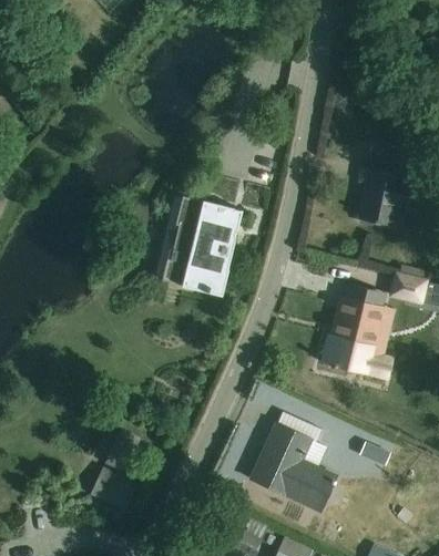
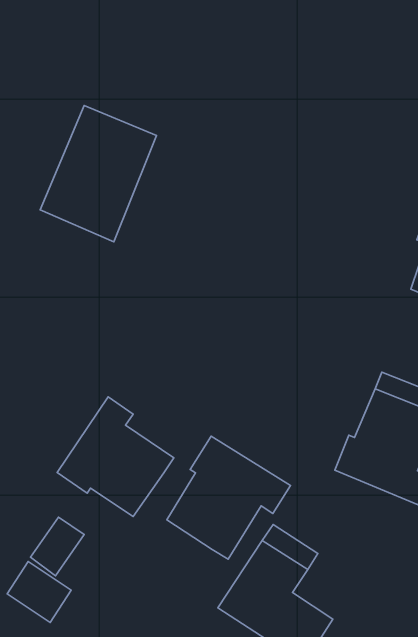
building: [161,198,239,297] -> [40,106,156,242]
building: none -> [57,397,174,516]
building: none -> [167,436,291,559]

